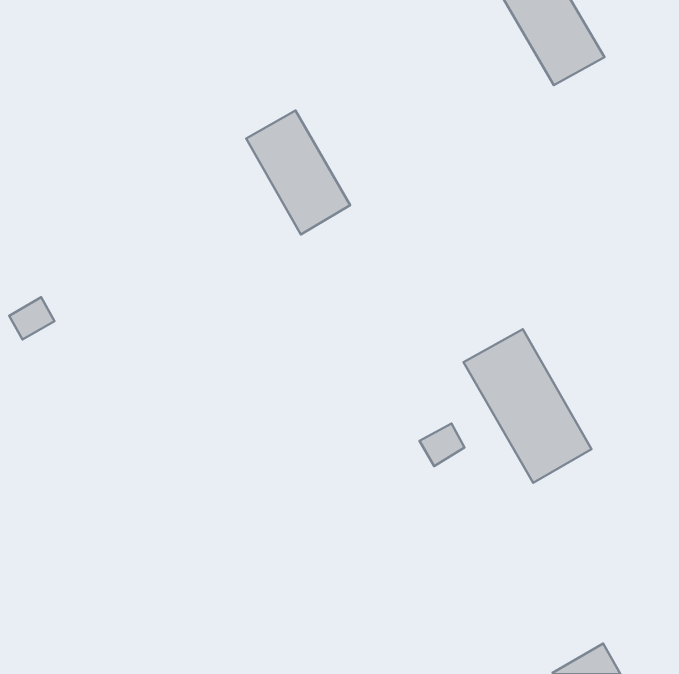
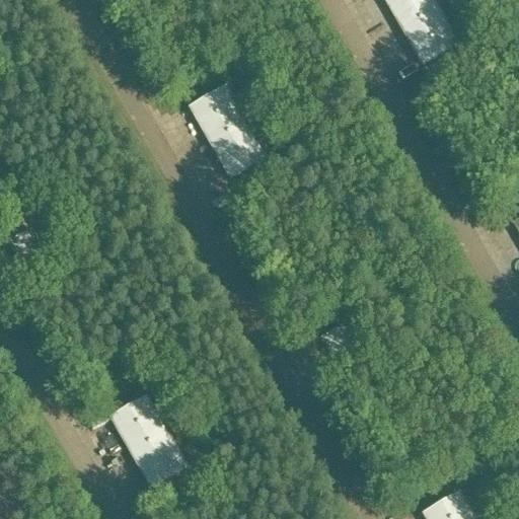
building: [463,329,591,483] -> none
building: none -> [109,393,190,489]

